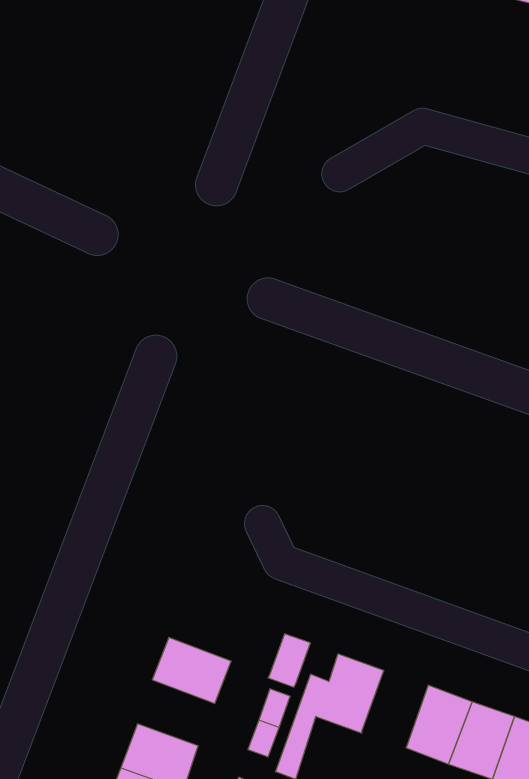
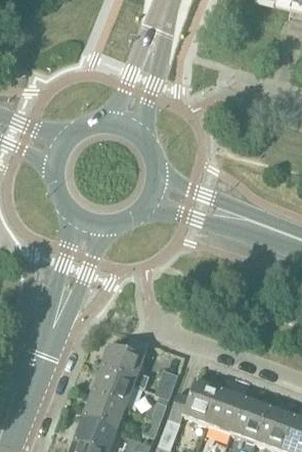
building: none -> [99,347,148,388]
building: none -> [207,390,244,433]
building: none -> [82,395,125,432]

